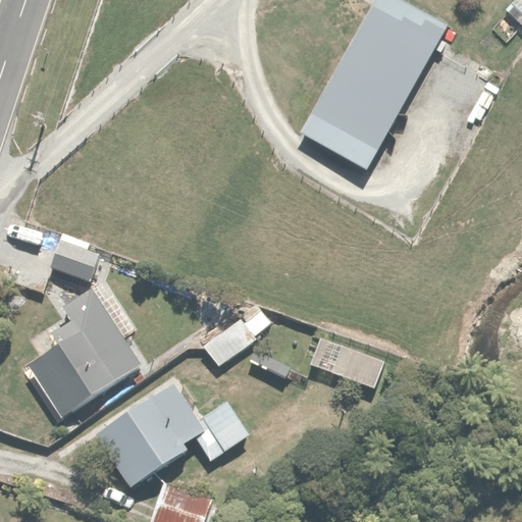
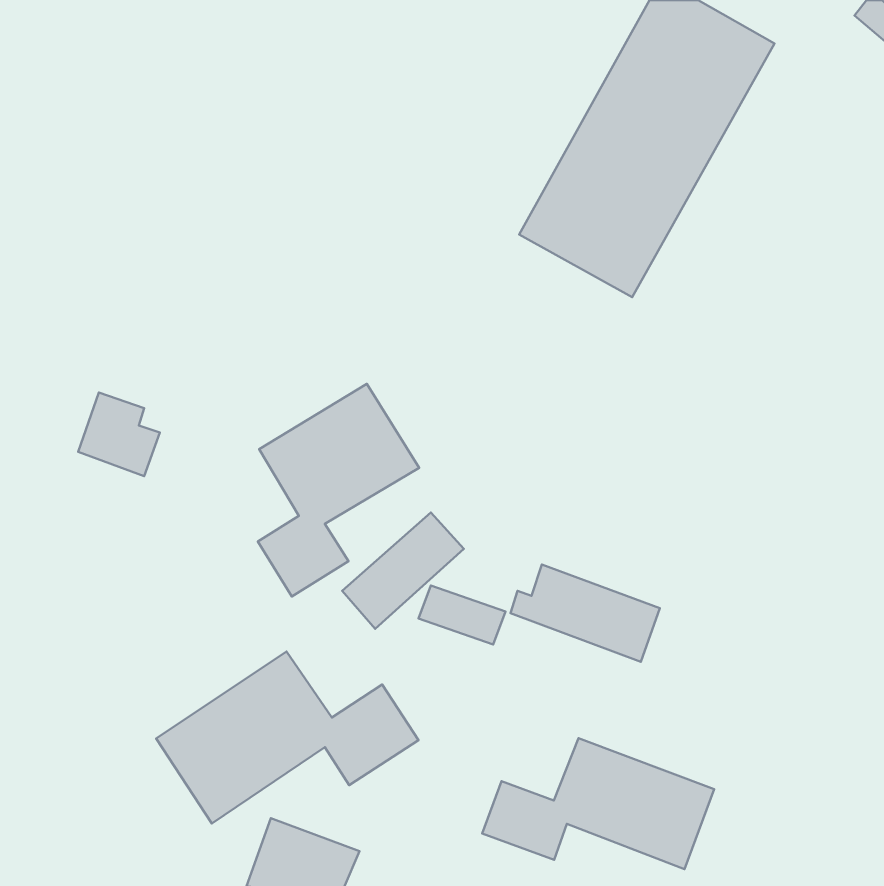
building: none -> [258,384,419,596]
building: [24,290,139,417] -> none
building: none -> [482,738,714,869]

